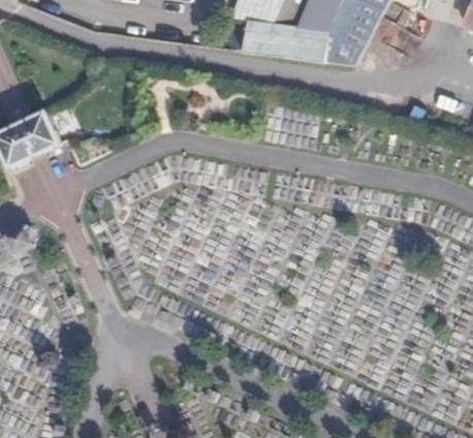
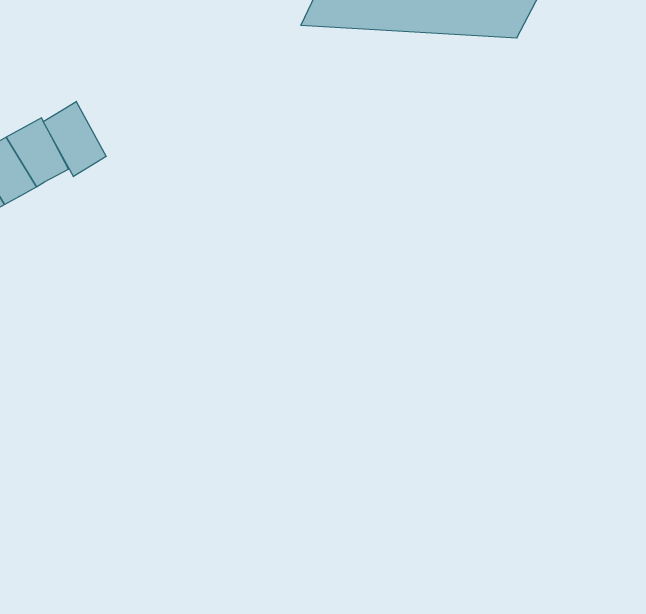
building: none -> [43,101,106,177]

